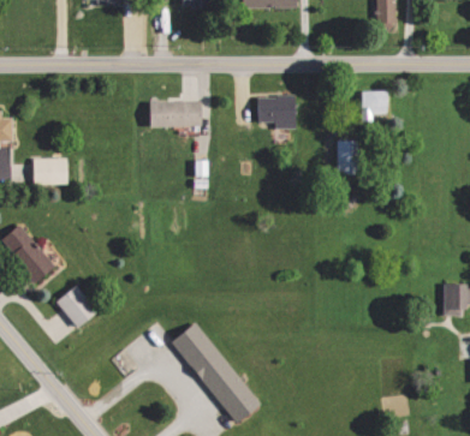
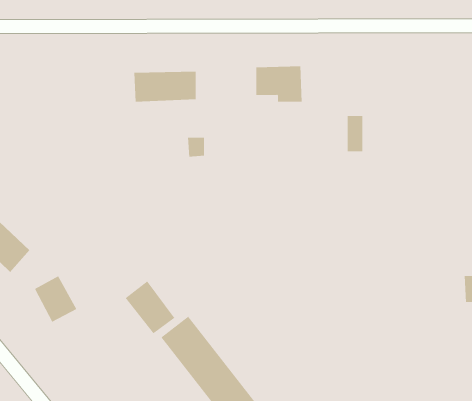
building: [358,91,391,121] -> none
building: [34,157,70,185] -> none
building: none -> [125,281,175,334]

